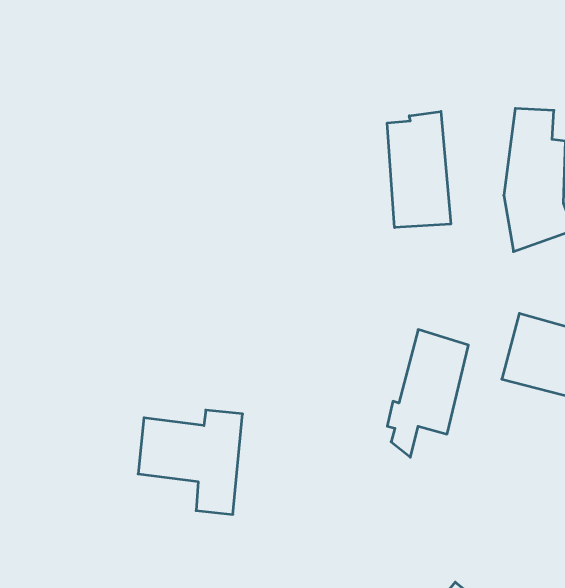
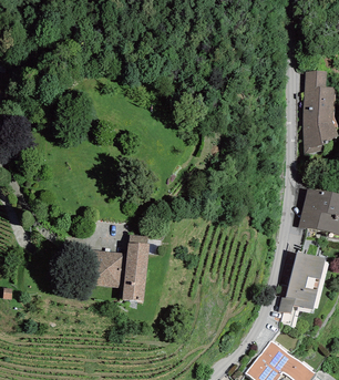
building: [387,111,451,228] -> none
building: [387,330,468,457] -> [278,254,325,327]

